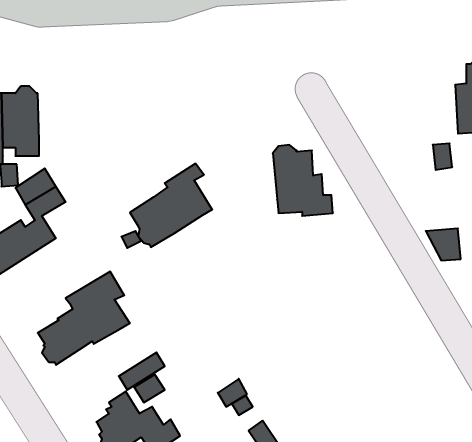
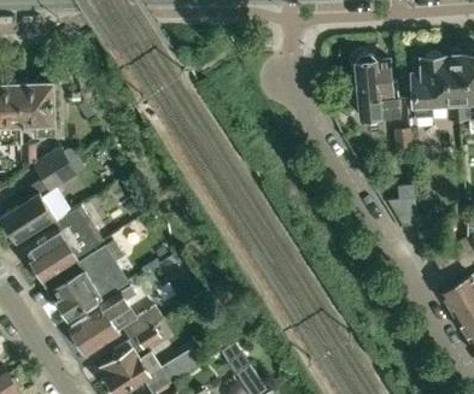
building: [273,145,333,216] -> [355,55,406,117]
building: [130,164,212,247] -> [24,207,95,280]
building: none -> [70,289,134,357]

